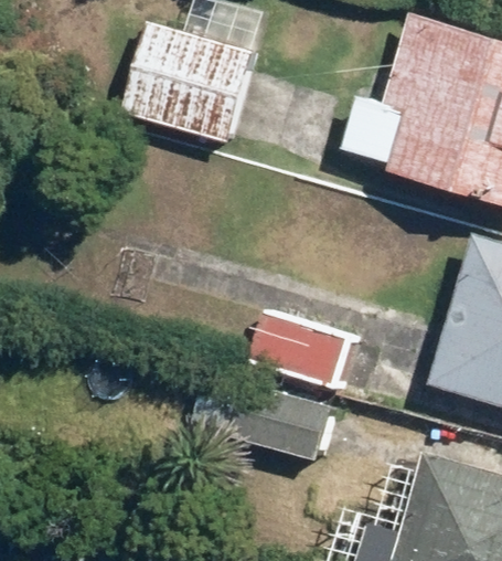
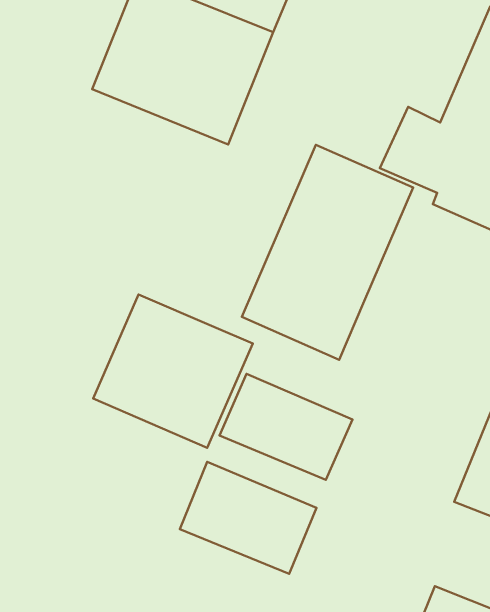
building: none -> [242,145,413,360]
building: none -> [93,294,253,448]

